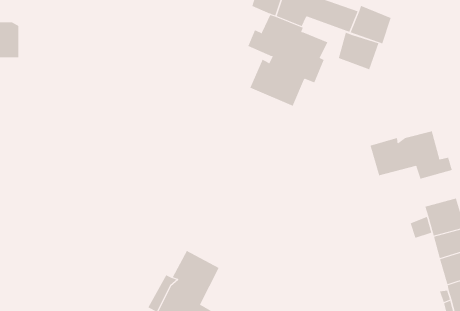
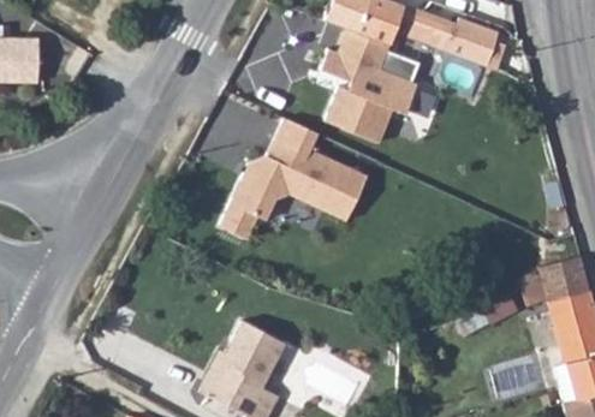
building: [338,32,379,70] -> none
building: none -> [219,117,365,238]
building: [370,130,452,179] -> none

